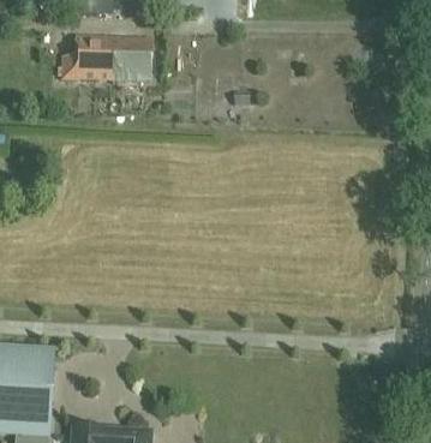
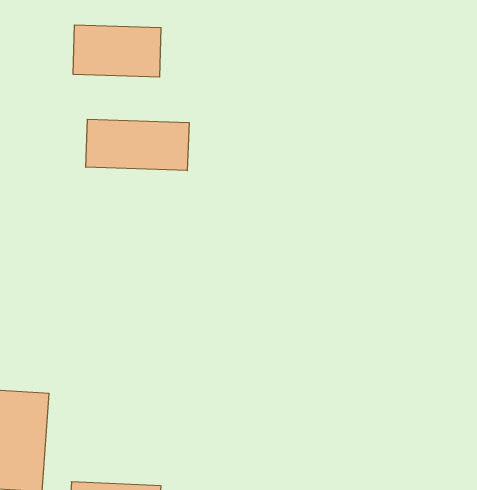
building: none -> [86,119,189,171]

